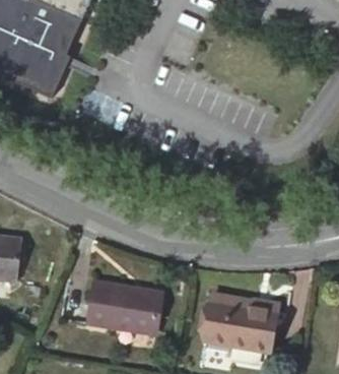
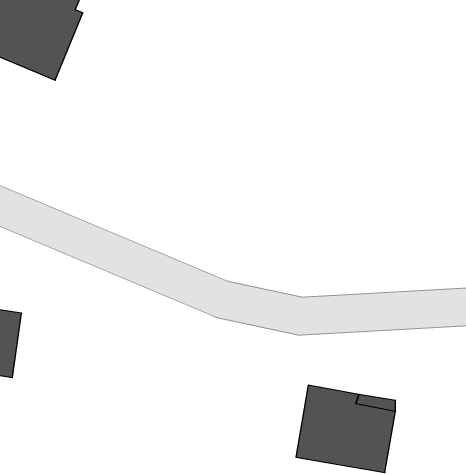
building: [95,278,170,332] -> none

